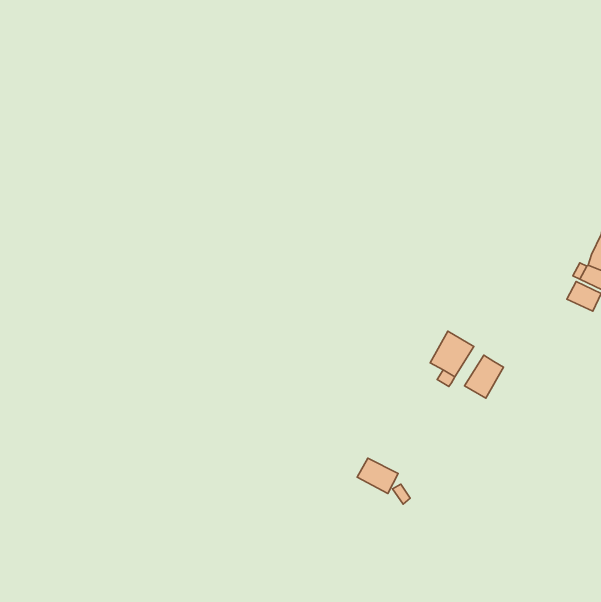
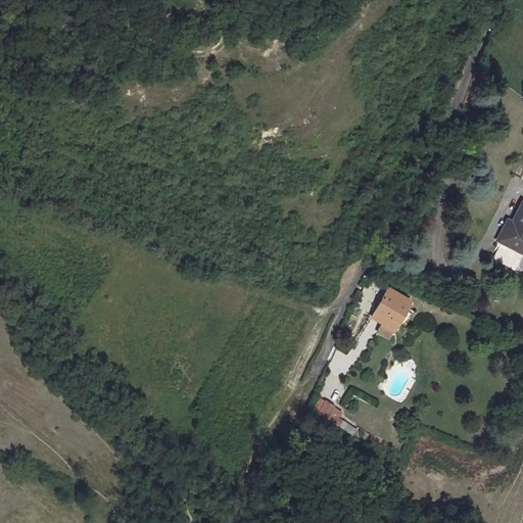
building: [465,355,503,398] -> none

